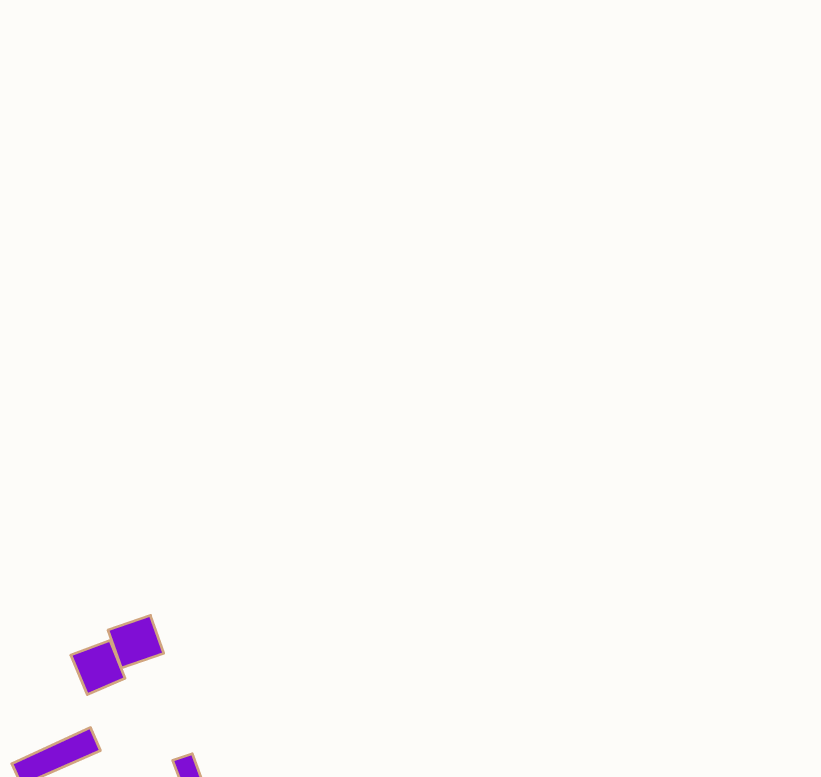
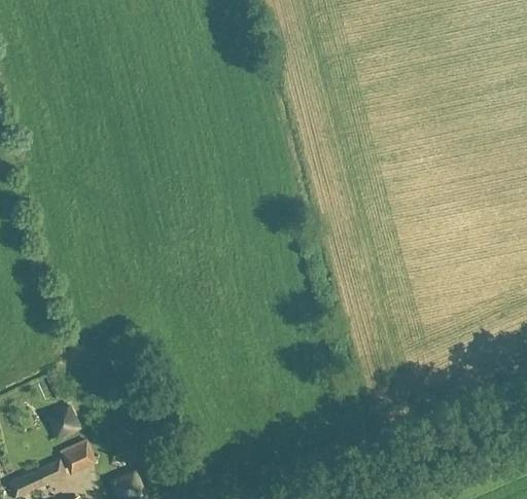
building: [108,615,164,668] -> [57,437,92,470]

